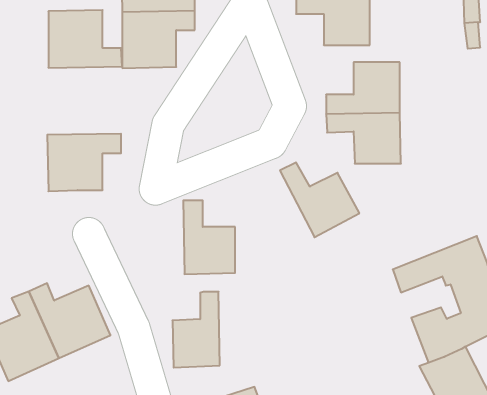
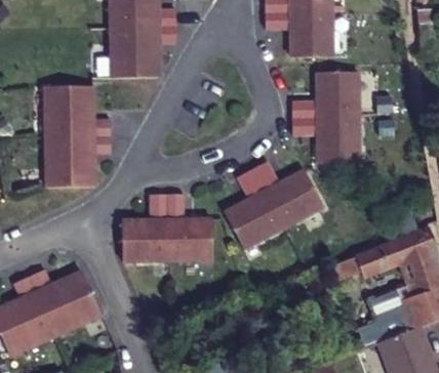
building: [48,10,122,68] -> [44,86,110,137]
building: none -> [223,169,282,249]
building: [172,292,220,368] -> [124,196,166,263]

